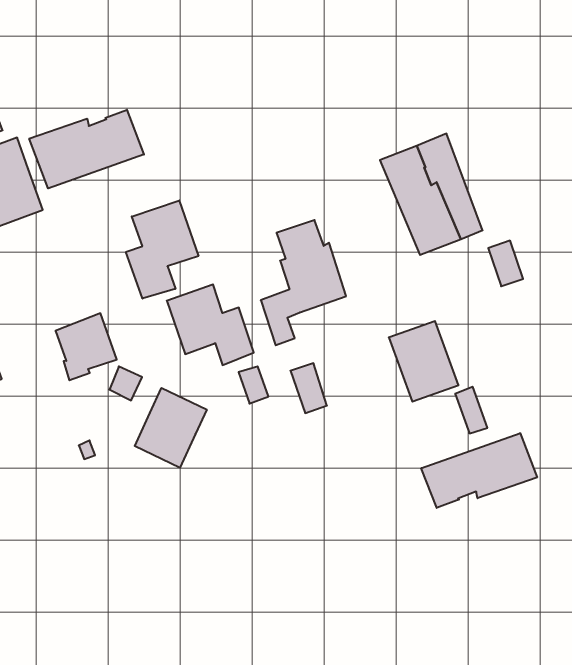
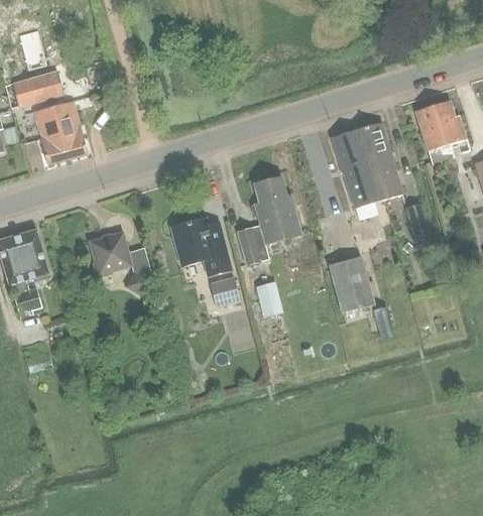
building: none -> [415,101,466,162]
building: [29,110,144,188] -> none
building: [126,200,198,299] -> none
building: [135,388,207,468] -> none
building: [421,433,537,508] -> none

